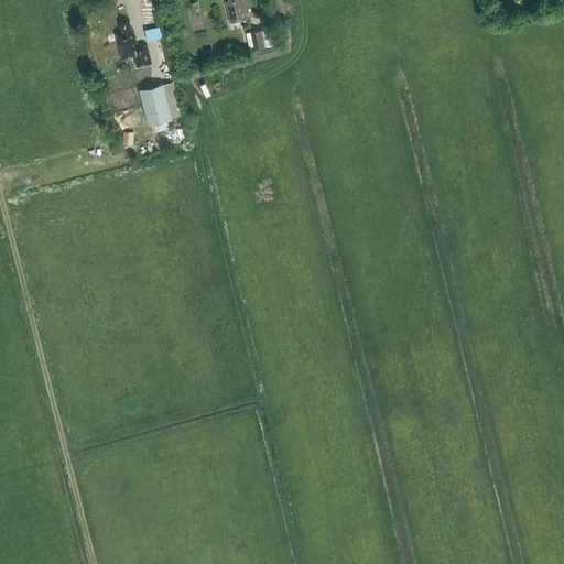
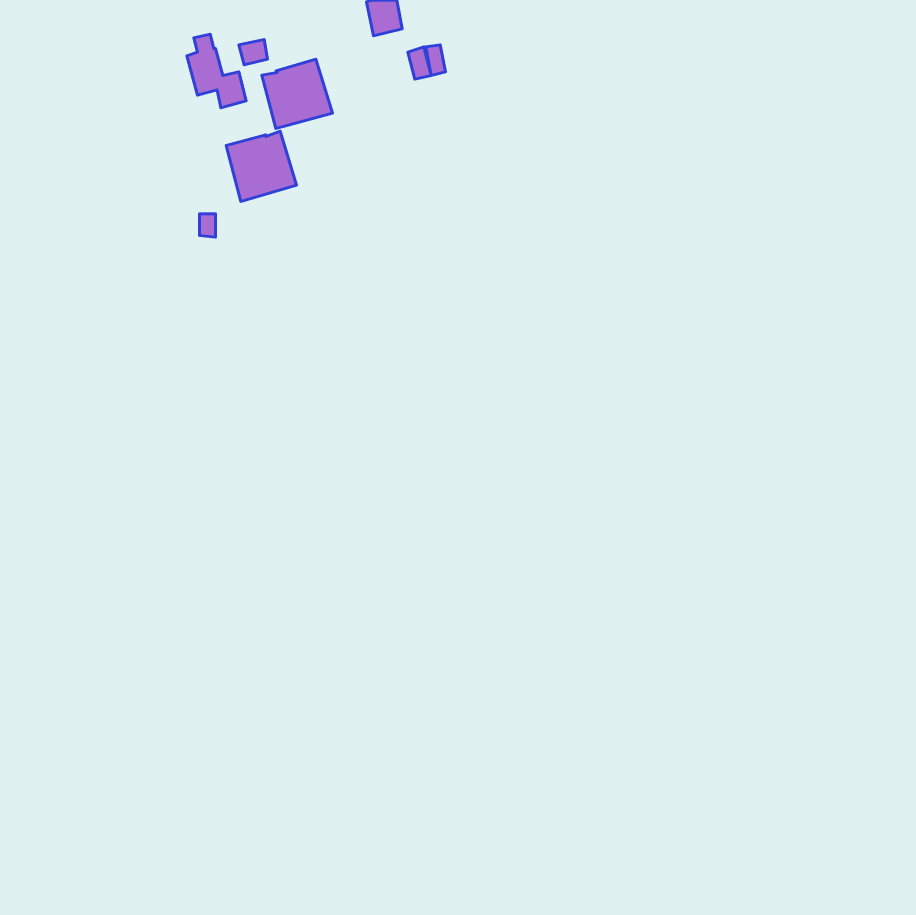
building: none -> [262,59,332,129]

